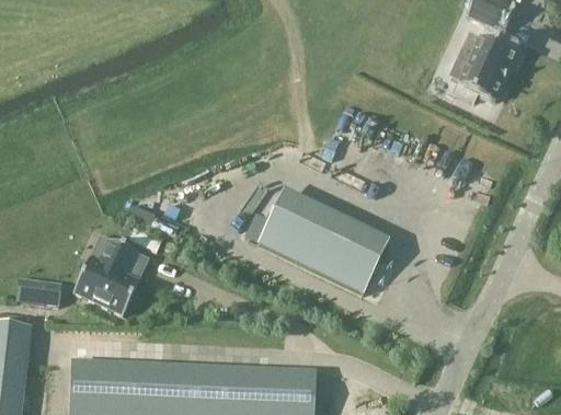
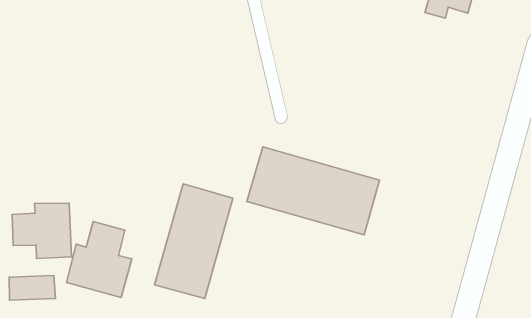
building: none -> [12,203,72,258]
building: none -> [154,184,233,299]

